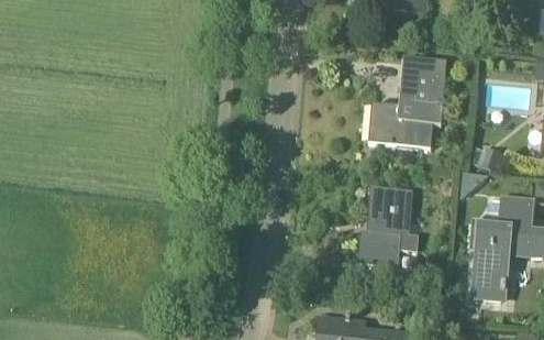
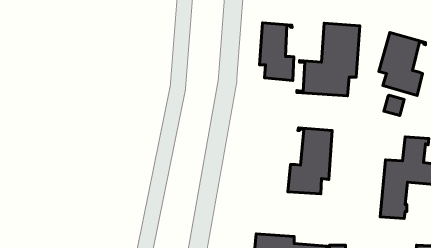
building: none -> [259,23,294,81]
building: none -> [379,33,426,96]

